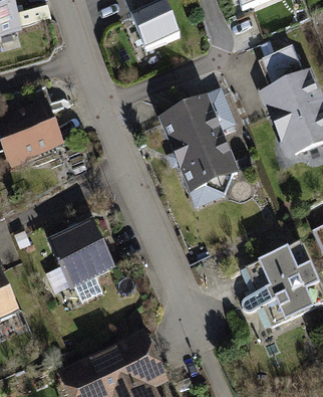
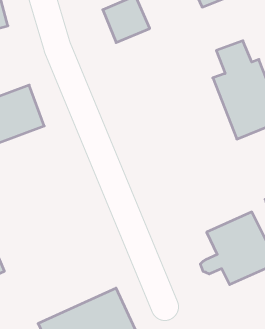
building: [160,88,251,207] -> none
building: [48,217,116,302] -> none

